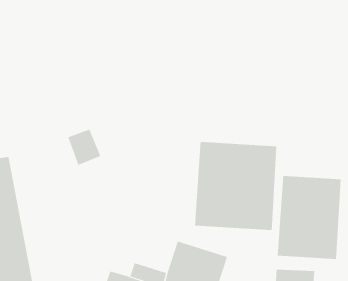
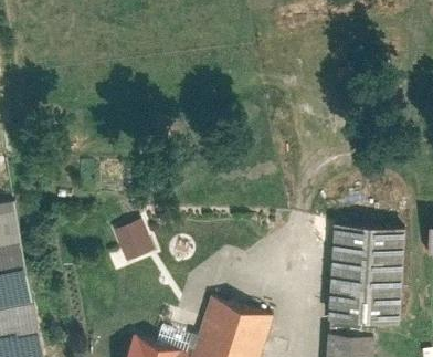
building: [67,129,101,165] -> [113,223,152,266]
building: [195,141,277,231] -> none

